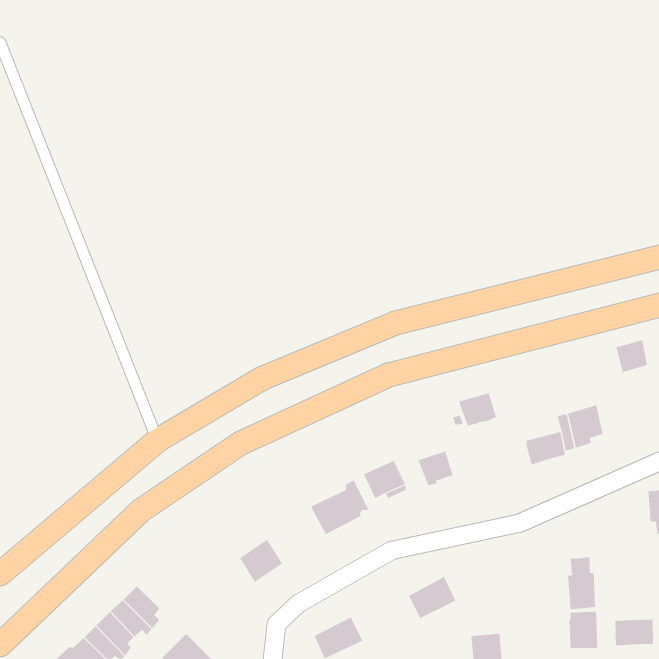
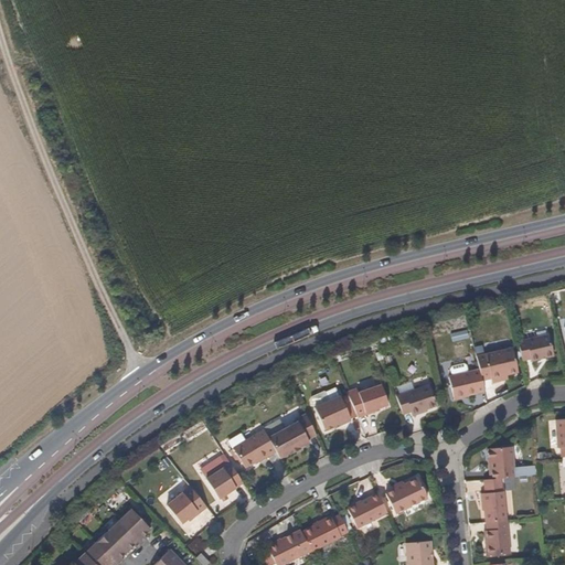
building: [616,339,648,373] -> [524,338,552,366]
building: [458,393,497,426] -> [396,387,429,416]
building: none -> [232,427,275,463]
building: none -> [492,446,535,478]
building: none -> [387,478,430,513]
building: none -> [167,487,207,527]
building: none -> [302,511,349,552]
building: [615,619,654,646] -> none

